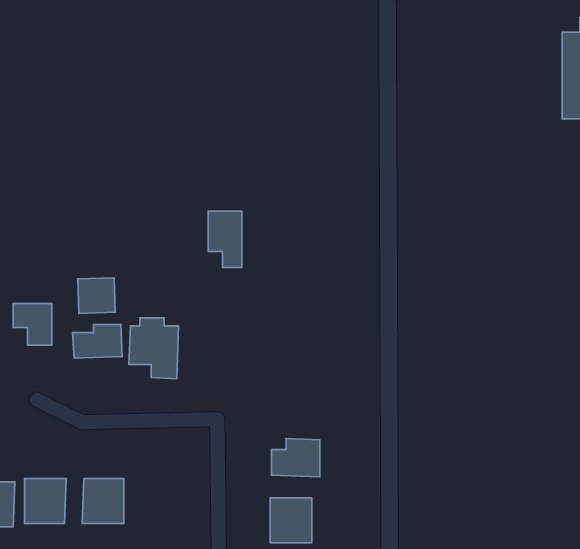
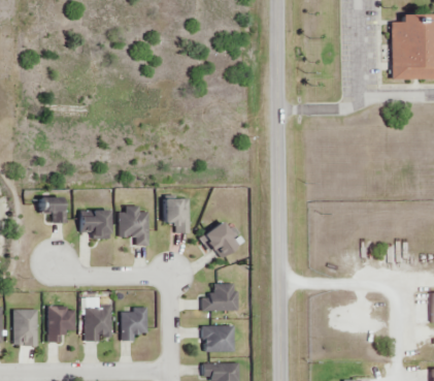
building: [208,211,242,267] -> [164,197,186,233]
building: [78,278,115,313] -> none
building: none -> [204,218,240,258]
building: none -> [121,309,147,339]

